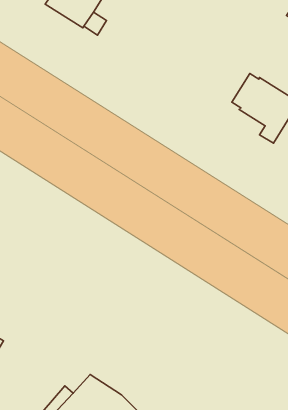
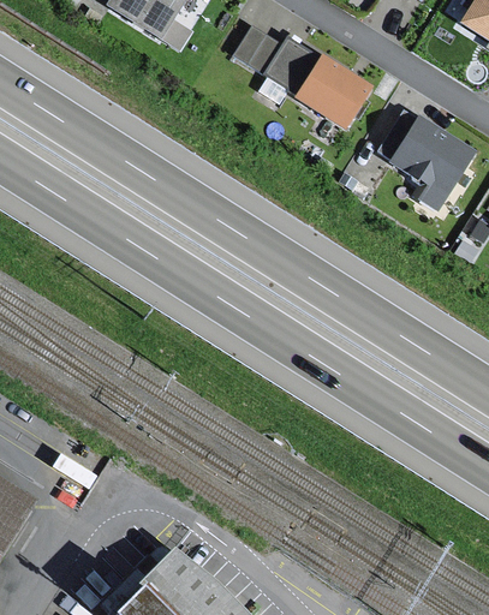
building: none -> [231,24,371,131]

